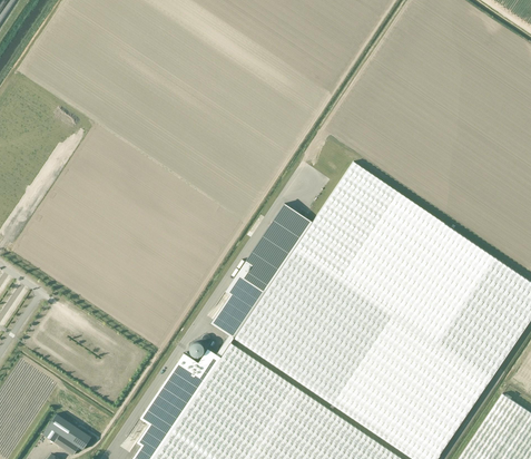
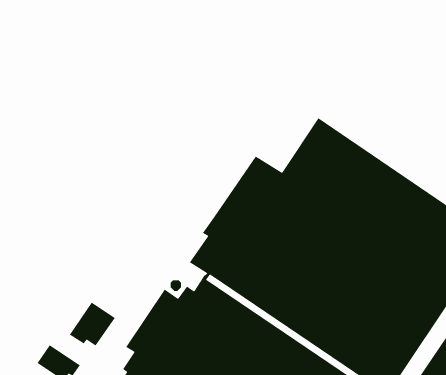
building: none -> [69,302,116,347]

